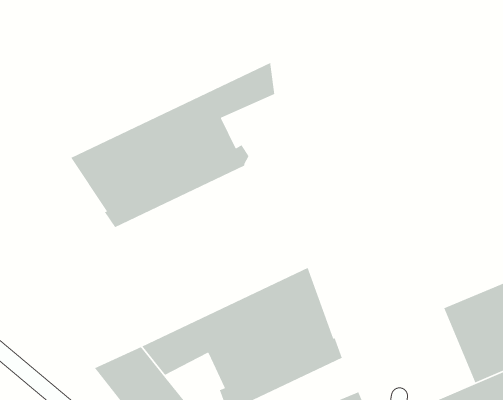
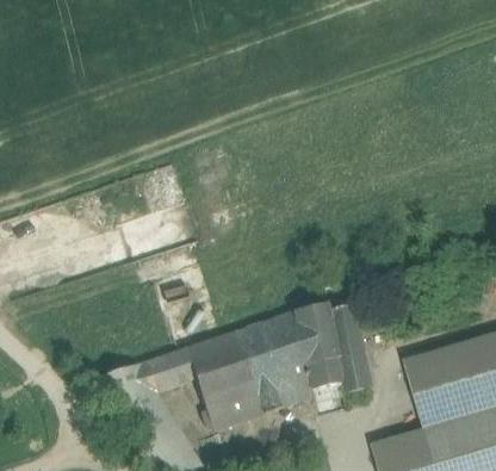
building: [70,62,275,228] -> none
building: none -> [292,295,367,391]

